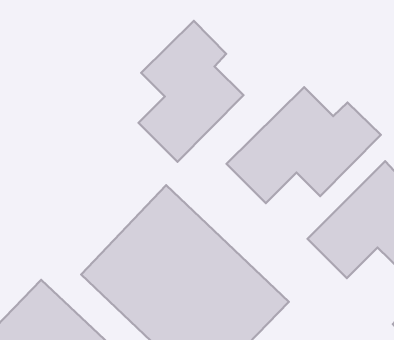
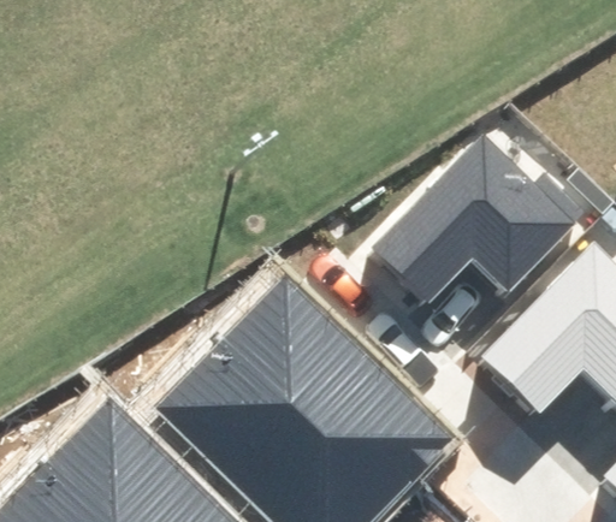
building: [138,21,243,162] -> none

